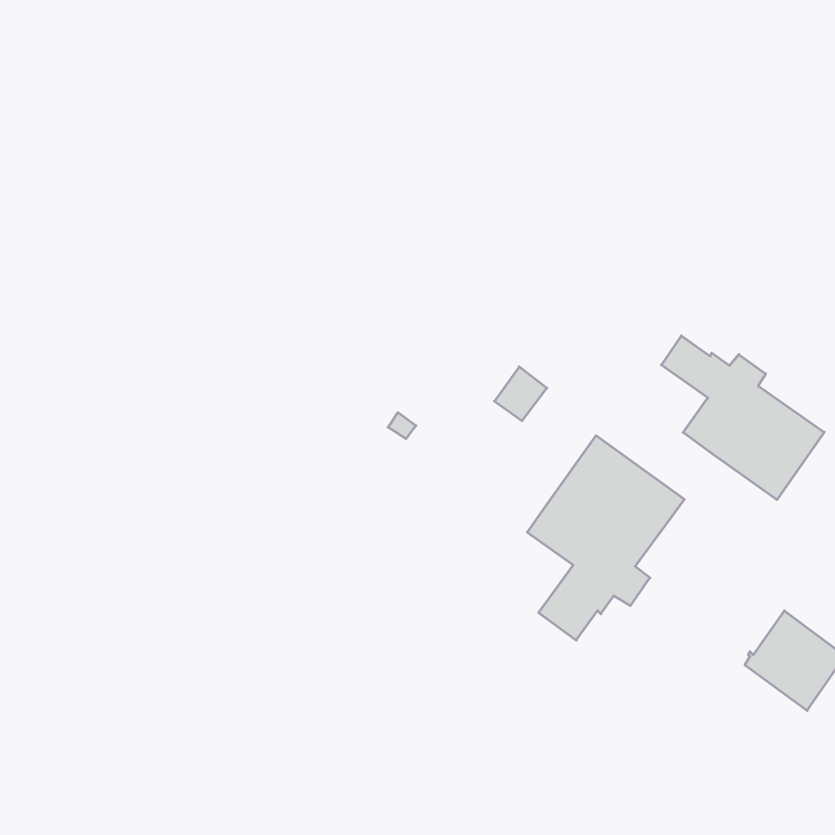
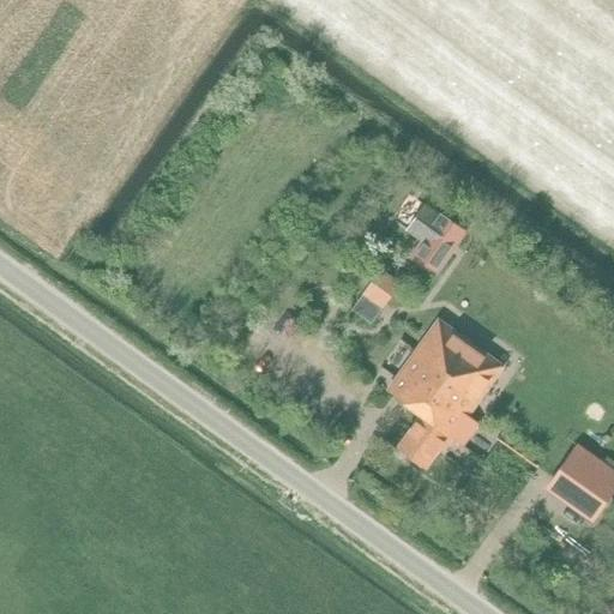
building: none -> [407,204,466,275]
building: [661,336,824,500] -> none

